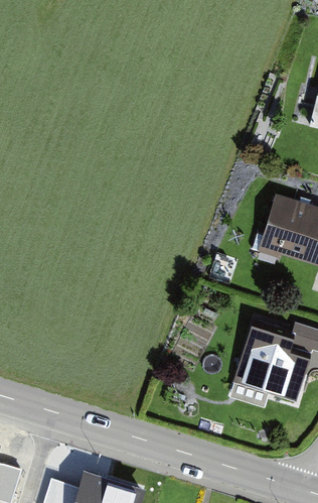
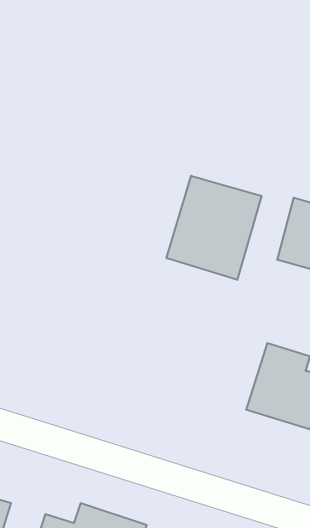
building: none -> [167,176,261,280]

